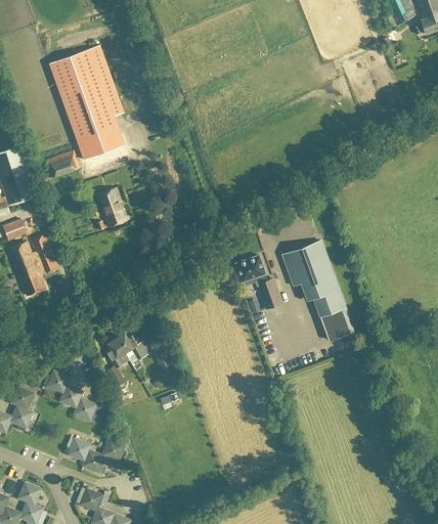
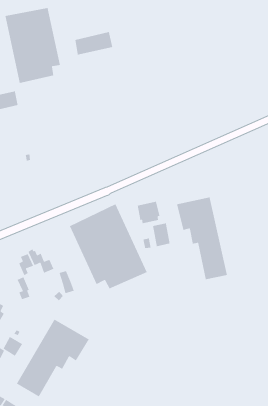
building: [77,125,124,159] -> [74,31,113,55]
building: [94,185,128,227] -> none
building: none -> [69,203,148,289]
building: none -> [16,318,90,397]

